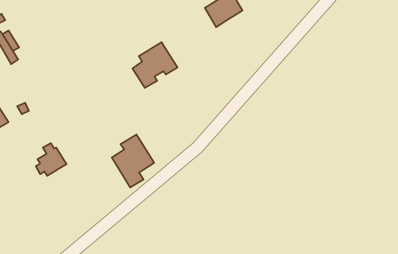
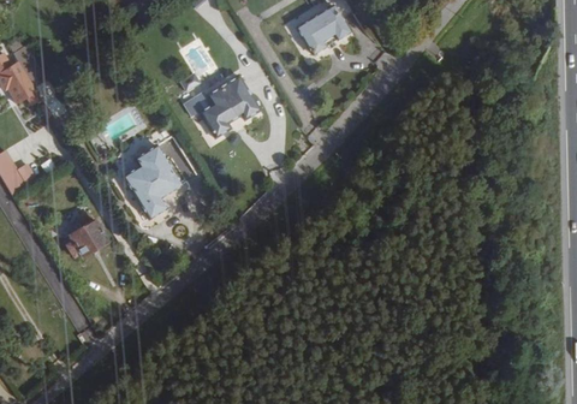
building: [112,135,154,187] -> [121,145,179,218]

